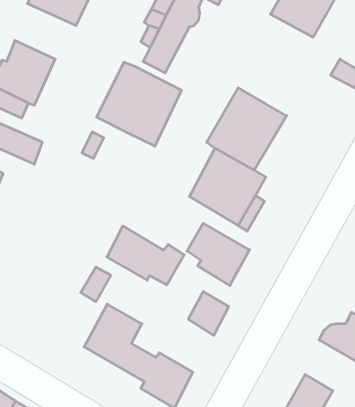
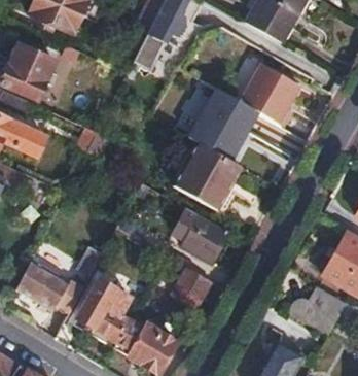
building: none -> [241,63,301,126]
building: [97,62,181,146] -> none
building: [107,226,184,285] -> [16,261,85,313]

